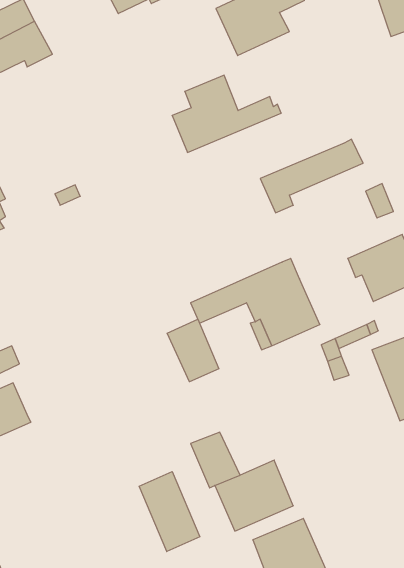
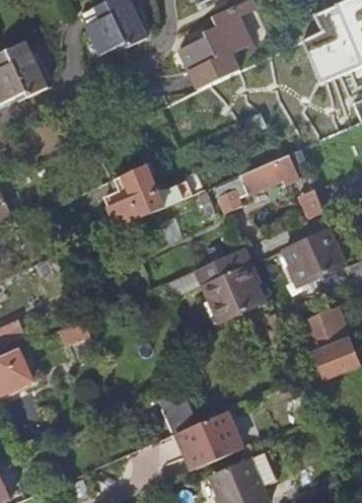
building: [172,75,281,152] -> [105,165,193,227]
building: [167,319,219,382] -> none
building: [139,472,200,552] -> none

